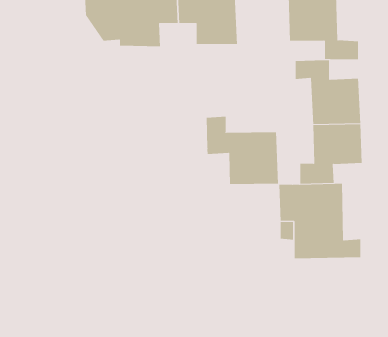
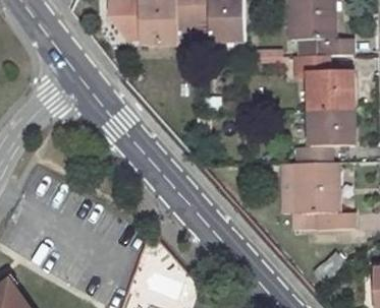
building: [206,116,279,185] -> none

